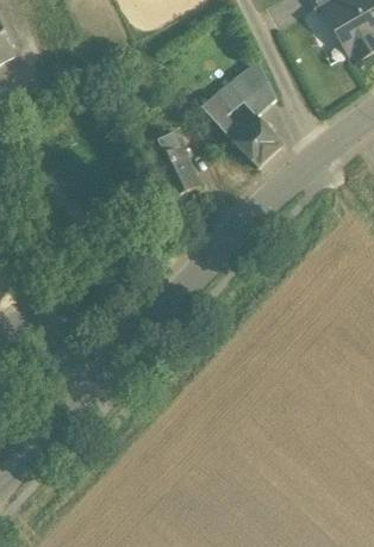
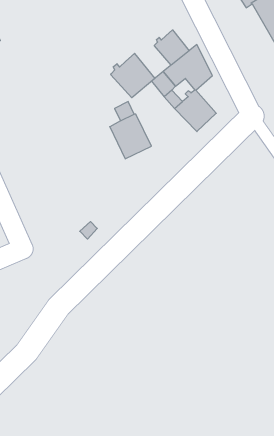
building: none -> [155,30,189,65]
building: none -> [111,53,155,98]

